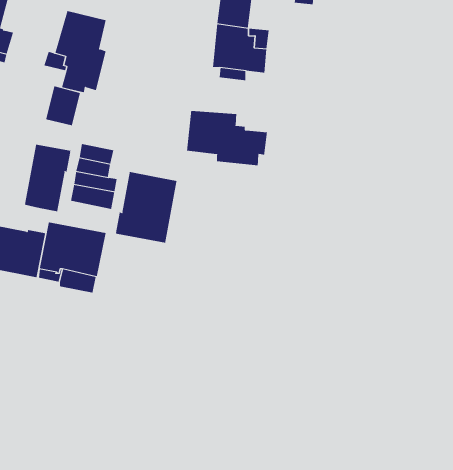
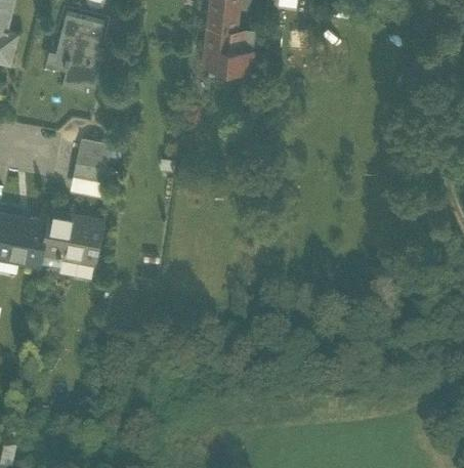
building: [46,86,81,126] -> none
building: [187,110,267,166] -> none
building: [24,144,80,212] -> none
building: [103,171,177,243] -> none

